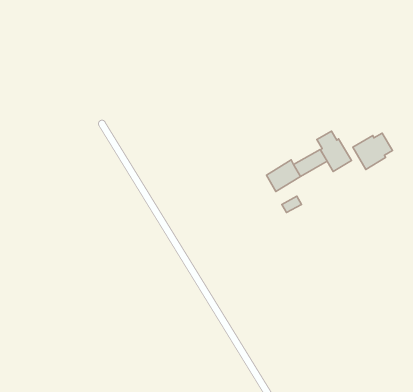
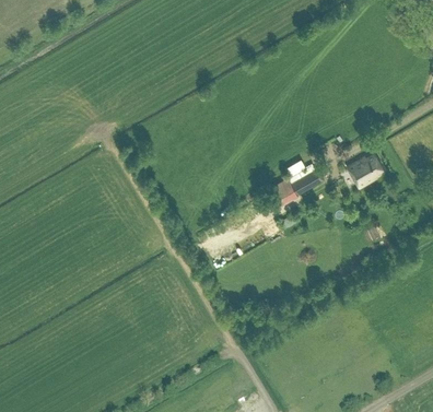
building: [317,131,351,172] -> none

